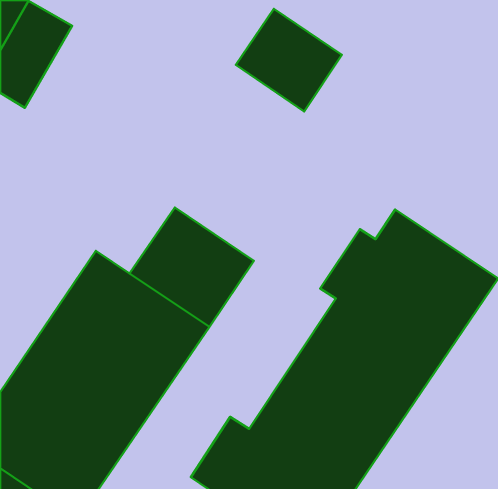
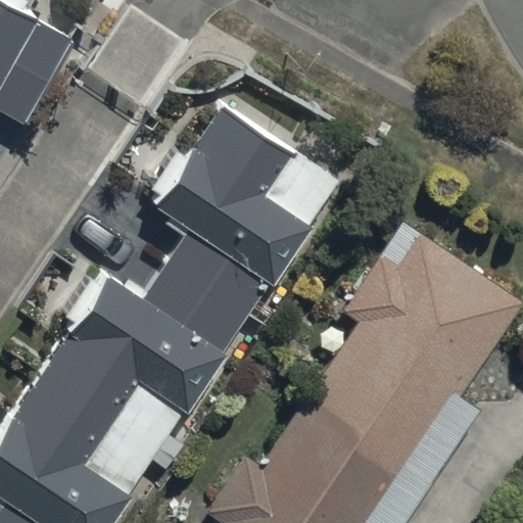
building: [236,9,342,112] -> none
building: none -> [149,101,340,286]

